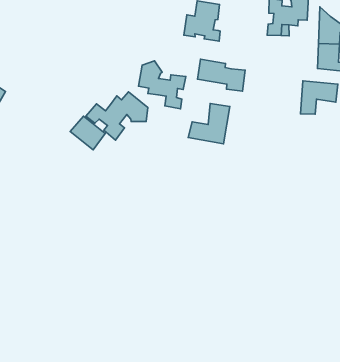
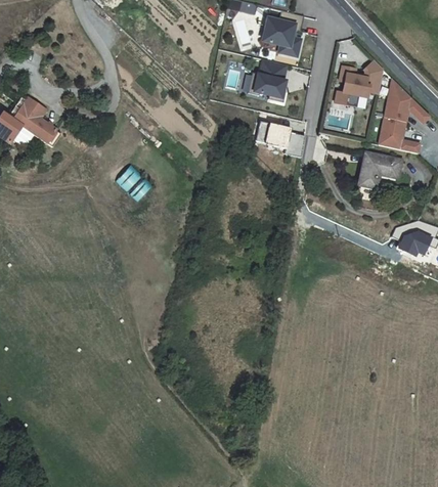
building: [139,61,186,109] -> none
building: [86,92,148,140] -> none
building: [188,104,230,144] -> none

